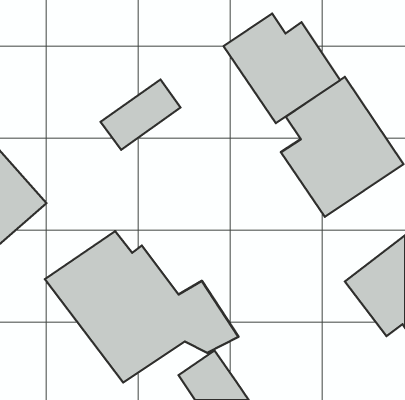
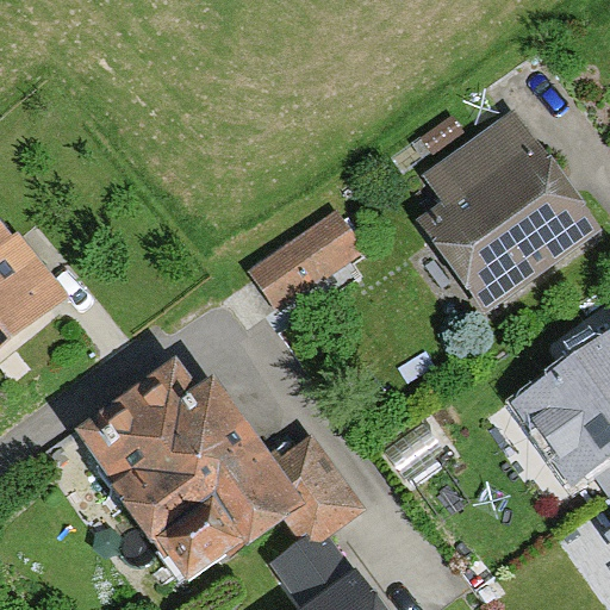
building: [224,14,340,123] -> none
building: [101,79,181,150] -> [249,208,368,313]

